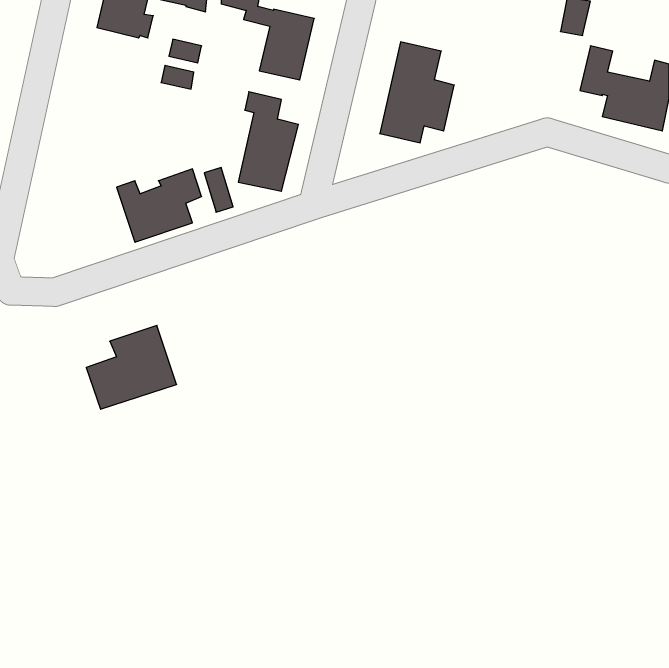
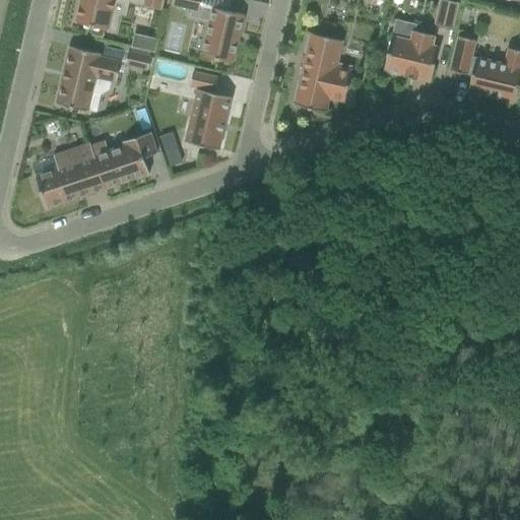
building: none -> [383,29,439,80]
building: none -> [56,46,121,110]
building: [86,325,177,409] -> [35,142,105,207]

